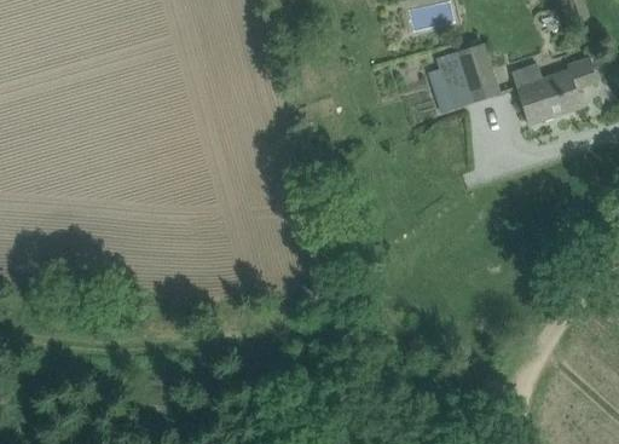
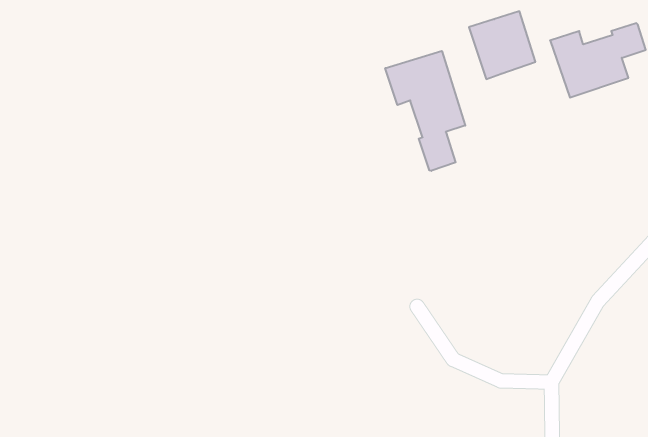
building: none -> [385,51,465,171]

